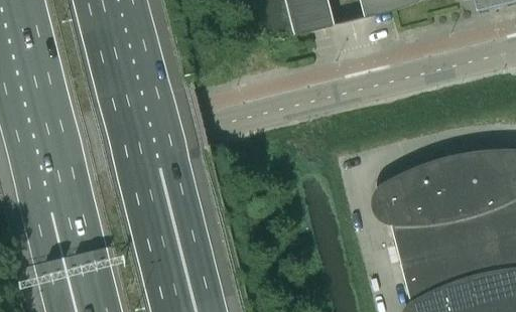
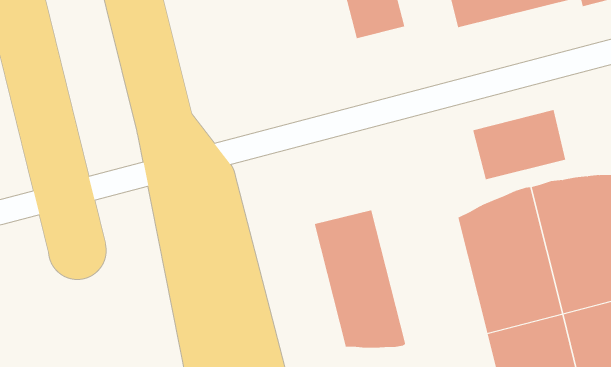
building: none -> [473,109,566,180]
building: none -> [314,209,406,349]

